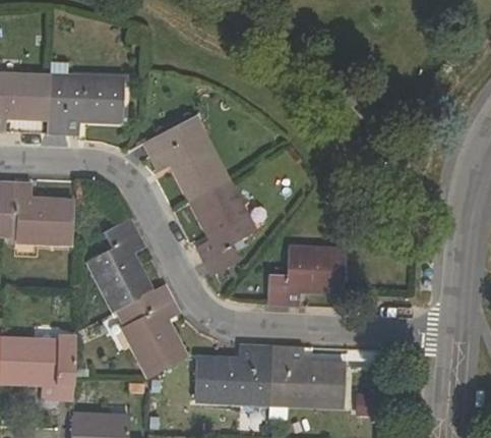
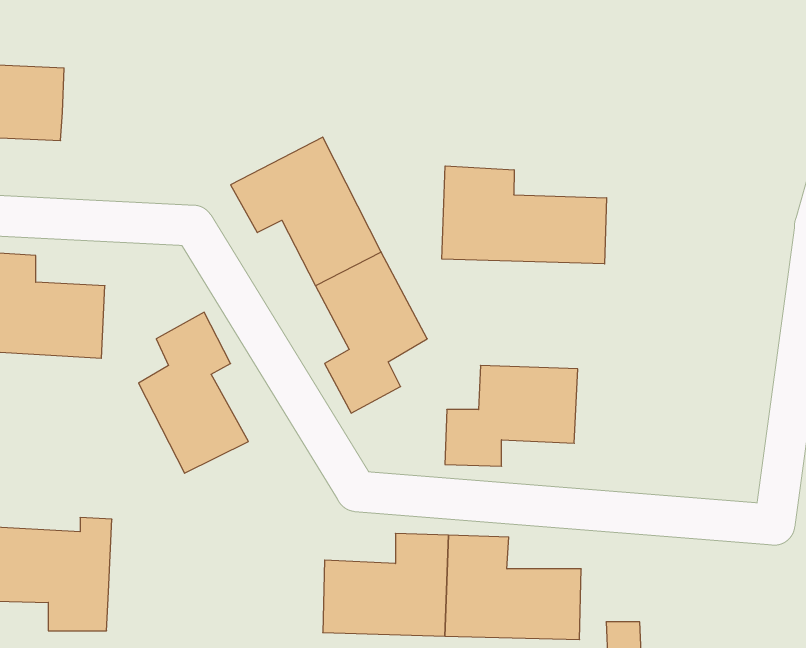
building: [45,77,120,134] -> none
building: none -> [442,166,607,264]
building: [116,285,180,367] -> none

